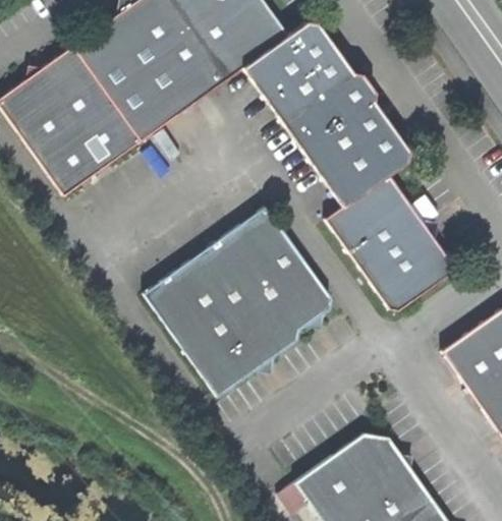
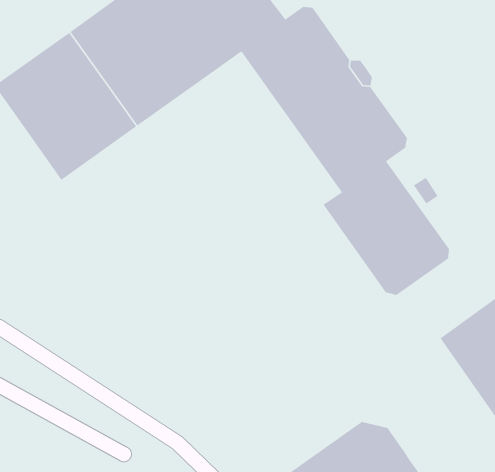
building: [147,206,331,395] -> none

